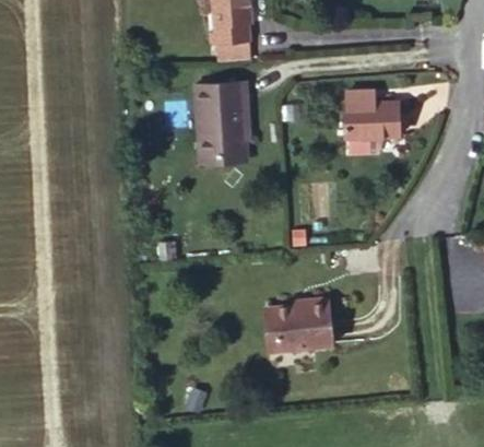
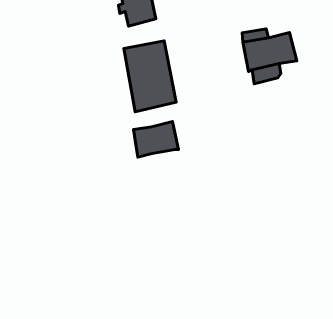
building: none -> [133,121,179,157]
building: [282,303,341,348] -> none

